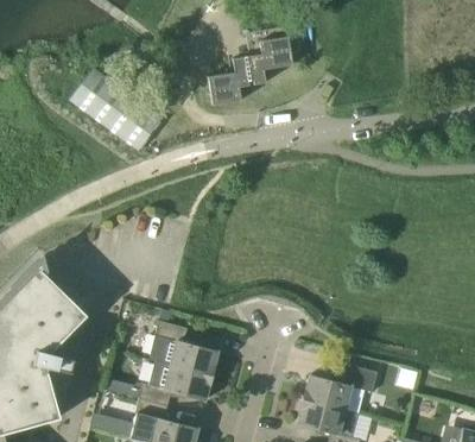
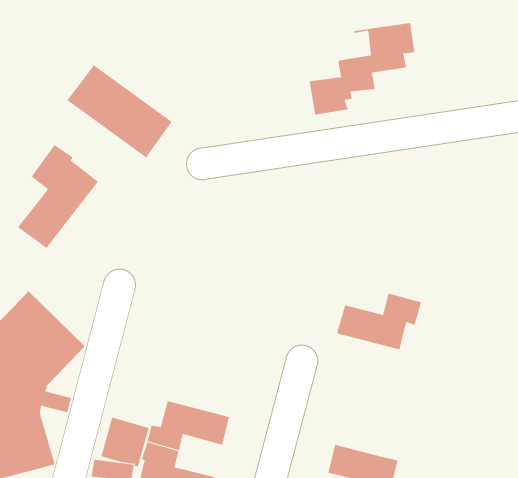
building: [207,25,299,106] -> [309,23,415,115]
building: none -> [17,144,99,249]
building: [154,321,217,377] -> none
building: [303,365,378,415] -> [336,293,422,350]

